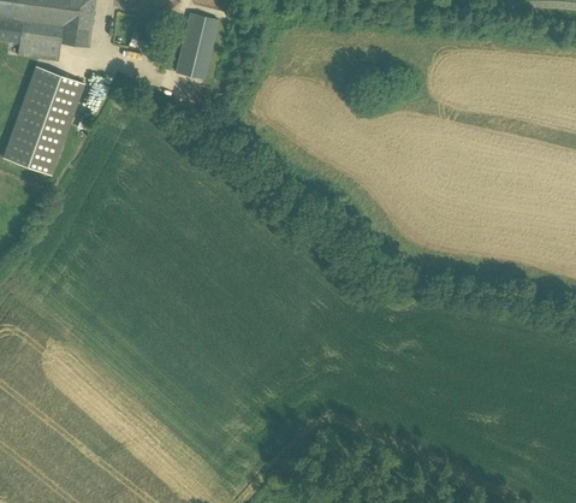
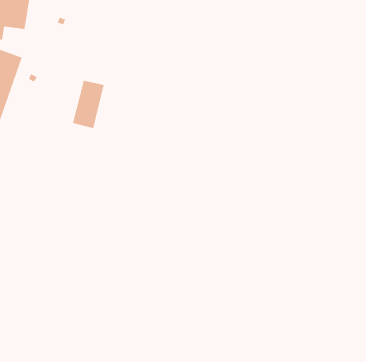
building: [176,12,219,77] -> [72,80,105,129]

